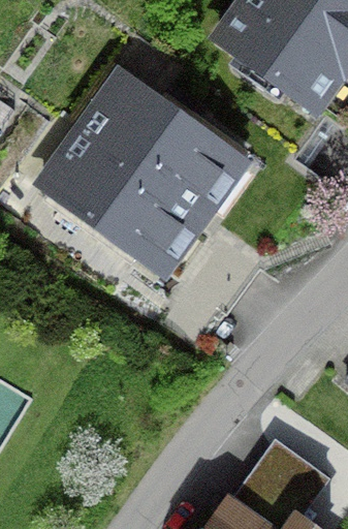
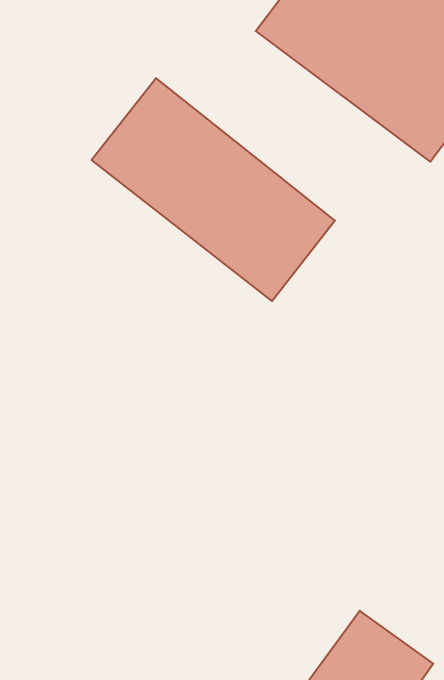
building: [35,123,208,279] -> none

